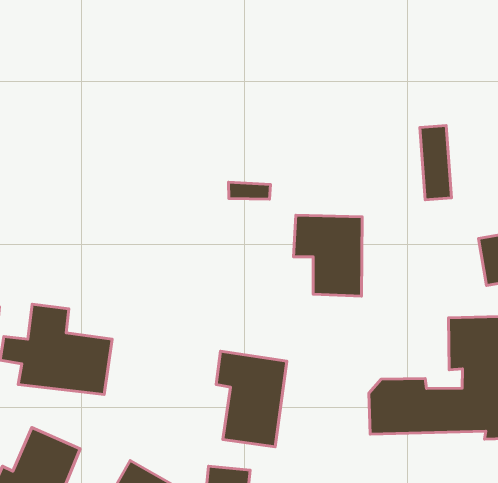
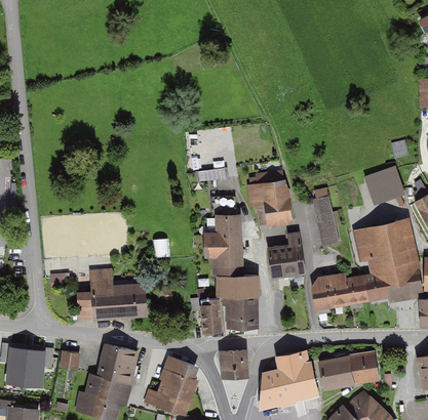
building: [420,126,452,200] -> [312,197,340,246]
building: none -> [199,210,243,275]
building: none -> [267,230,305,278]
building: none -> [199,300,220,333]

